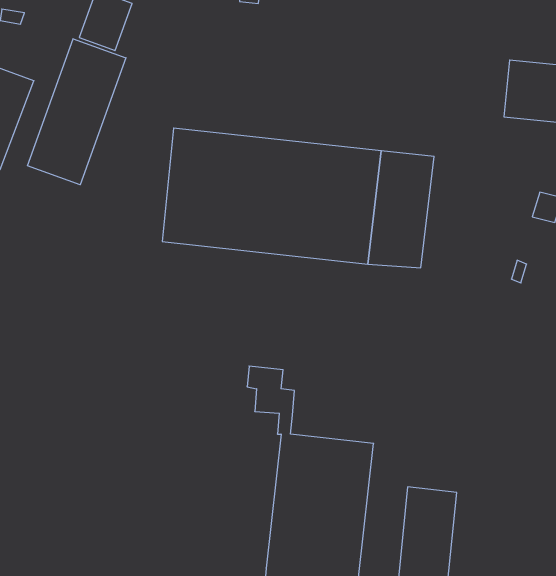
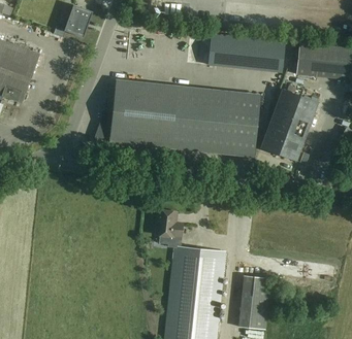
building: [27,39,126,185] -> none
building: none -> [209,33,285,71]
building: none -> [262,88,318,159]

